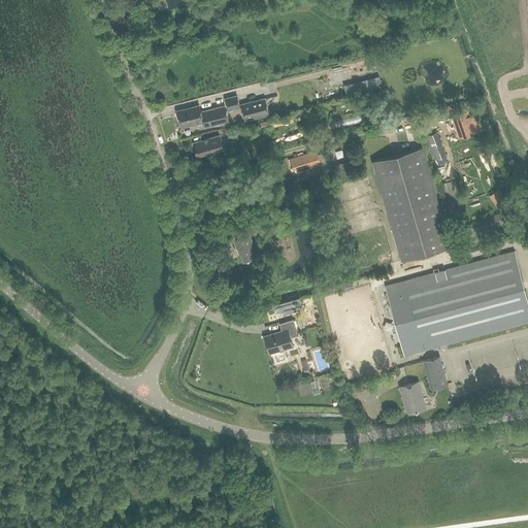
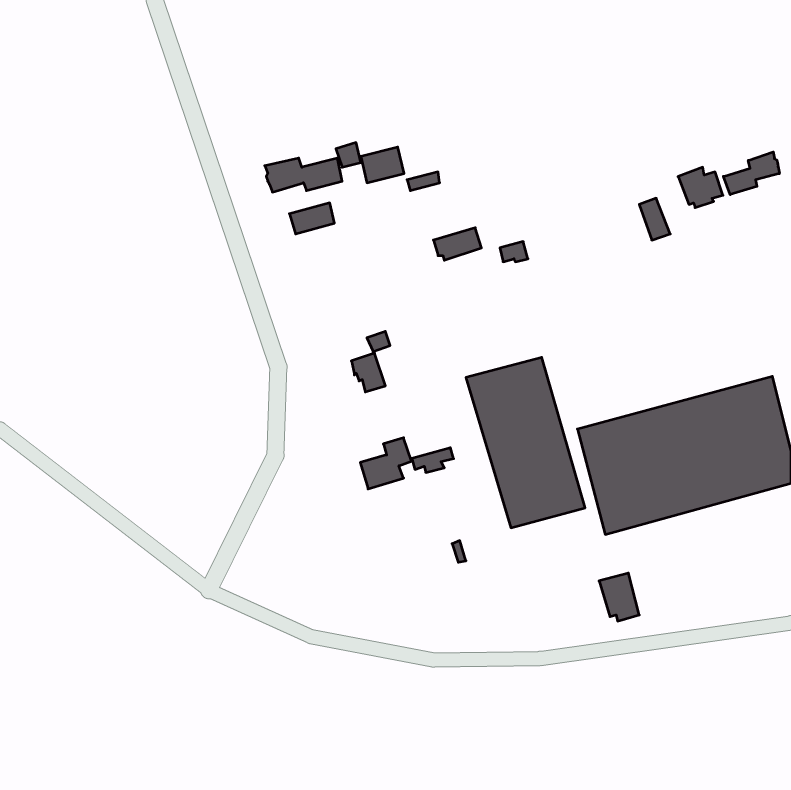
building: none -> [723,152,779,195]
building: [371,148,451,262] -> [466,357,585,528]
building: [264,321,298,355] -> [360,438,411,489]
building: [424,357,448,391] -> none

